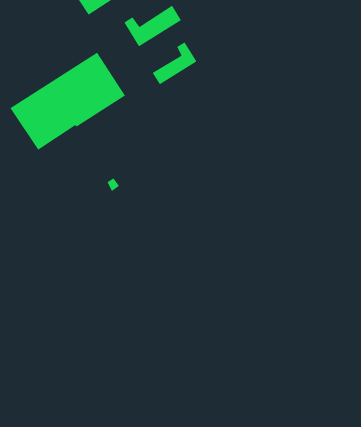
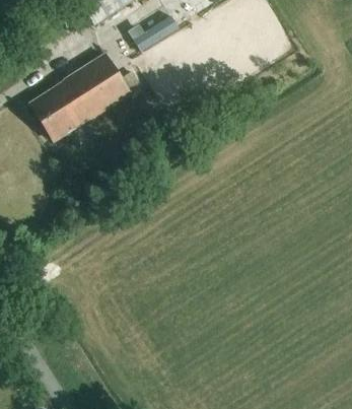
building: [152,42,197,85] -> none

